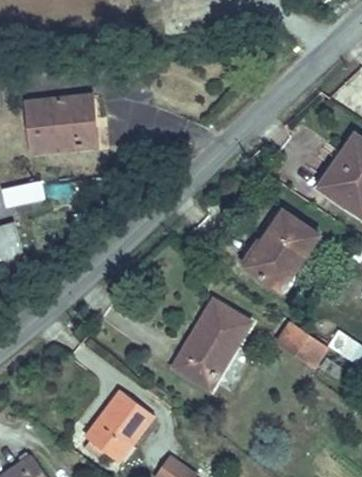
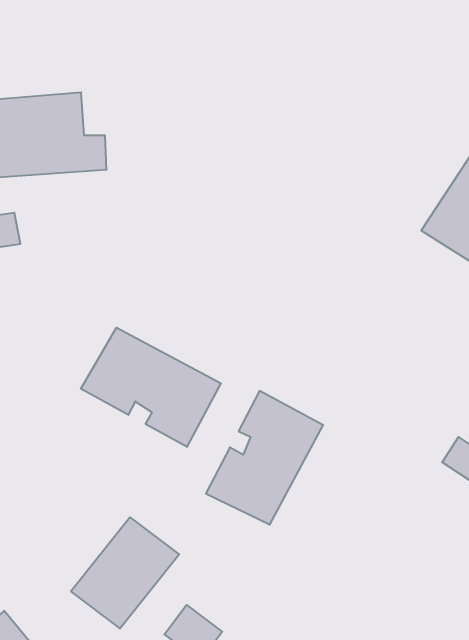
building: [243,204,320,286] -> none
building: none -> [81,328,221,447]
building: [274,323,326,368] -> none

